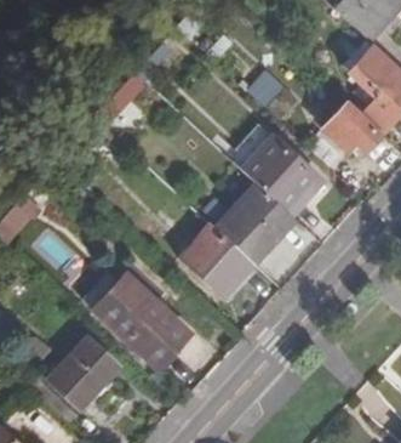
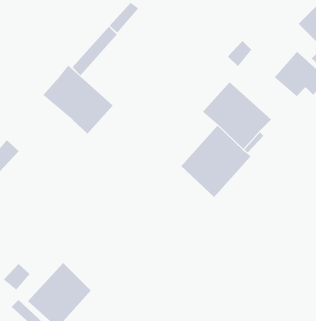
building: none -> [42,65,113,134]
building: [182,223,256,296] -> none
building: [94,276,193,369] -> none

